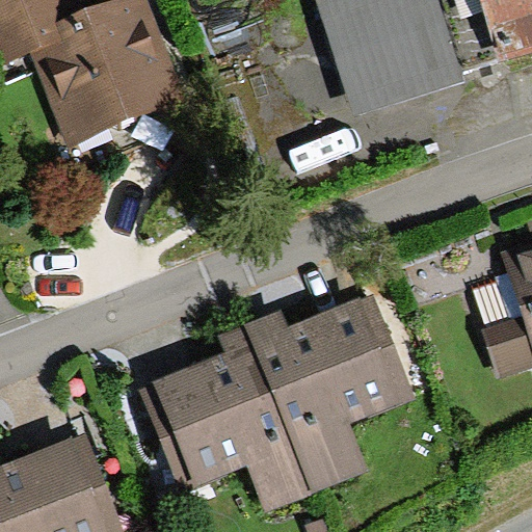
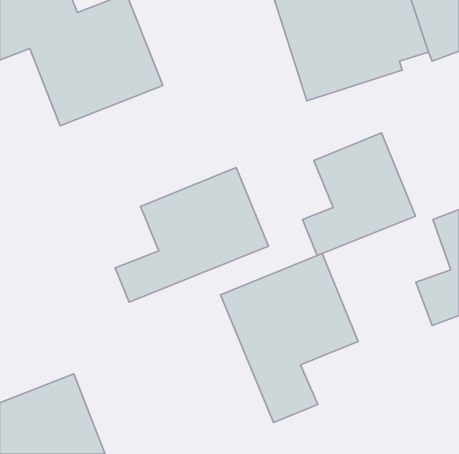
building: none -> [302,133,416,256]
building: none -> [115,167,268,302]
building: [137,341,316,509] -> none

